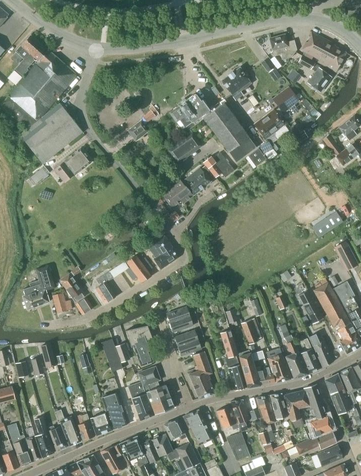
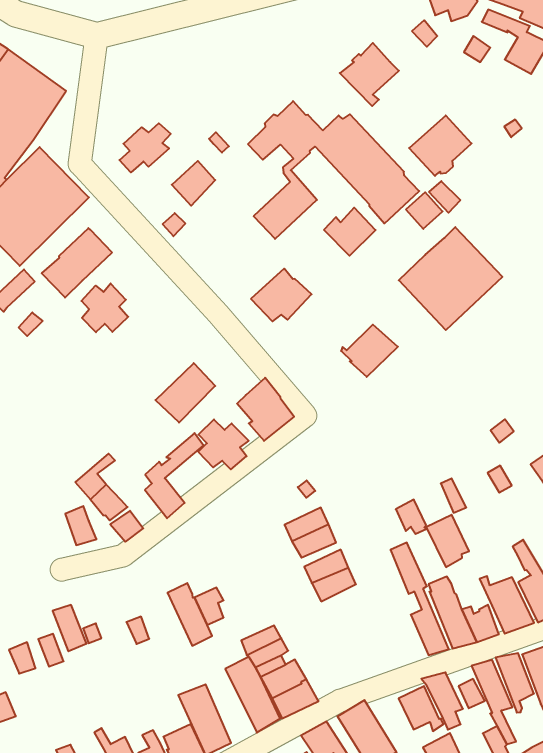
building: [271,86,299,113] -> none
building: none -> [119,123,171,172]
building: none -> [399,227,502,330]
building: [181,168,211,195] -> [341,325,398,377]
building: none -> [81,283,128,332]
building: none -> [155,363,215,423]
building: [22,266,54,310] -> none
building: [125,326,153,366] -> none
building: [187,351,214,399] -> none

